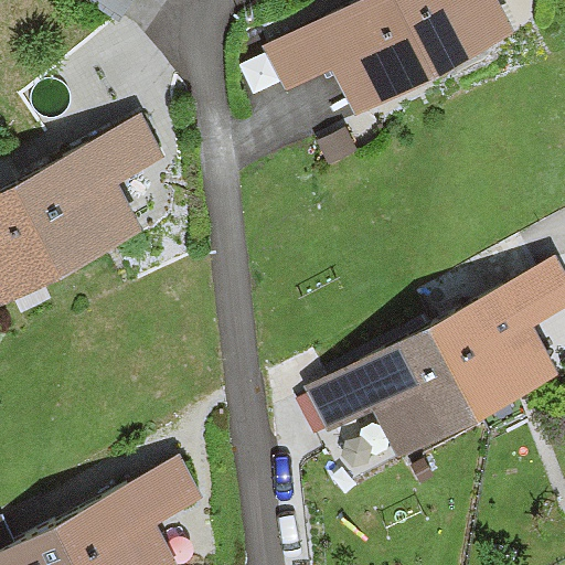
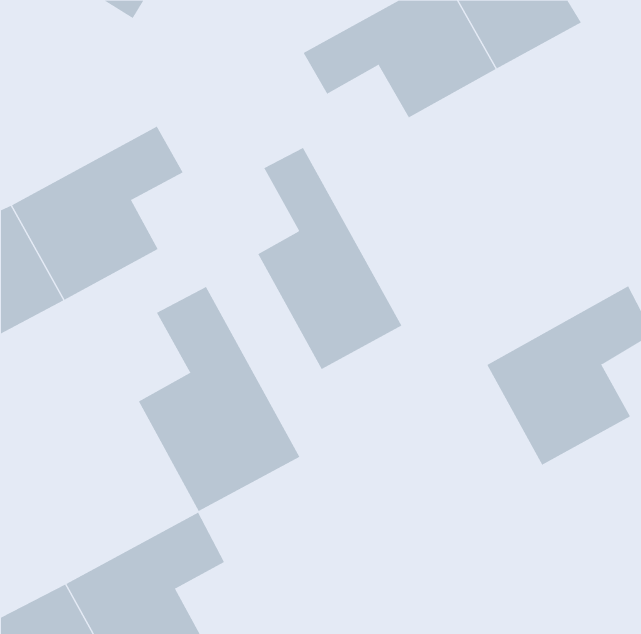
building: none -> [258,147,402,370]
building: none -> [138,286,300,512]
building: [308,328,477,458] -> none

